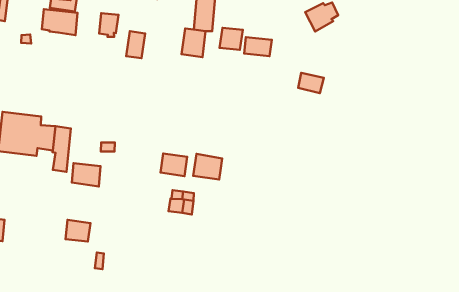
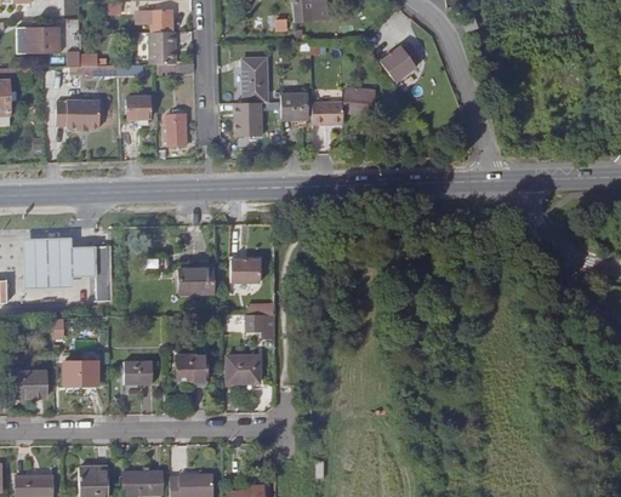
building: [298,73,324,93] -> [346,86,376,108]
building: [193,154,222,179] -> none
building: [72,163,101,187] -> [178,269,213,295]
building: none -> [68,361,96,384]
building: none -> [177,355,206,384]
building: none -> [226,356,260,383]

